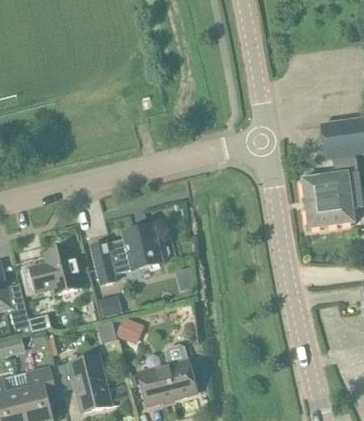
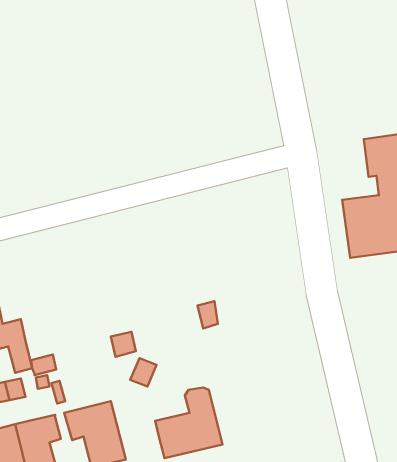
building: [91,224,169,283] -> none
building: [20,245,81,294] -> none

